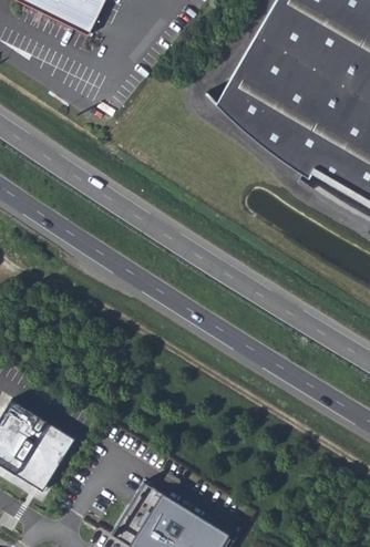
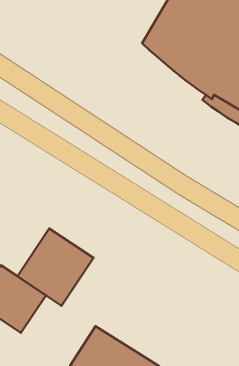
building: none -> [17,229,94,306]

